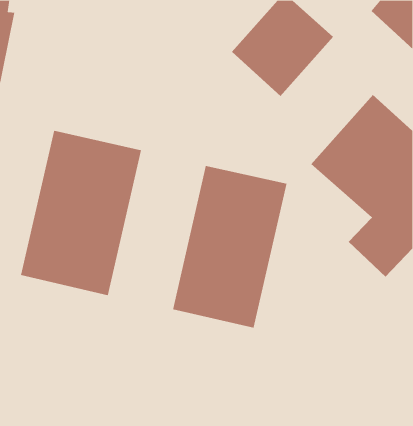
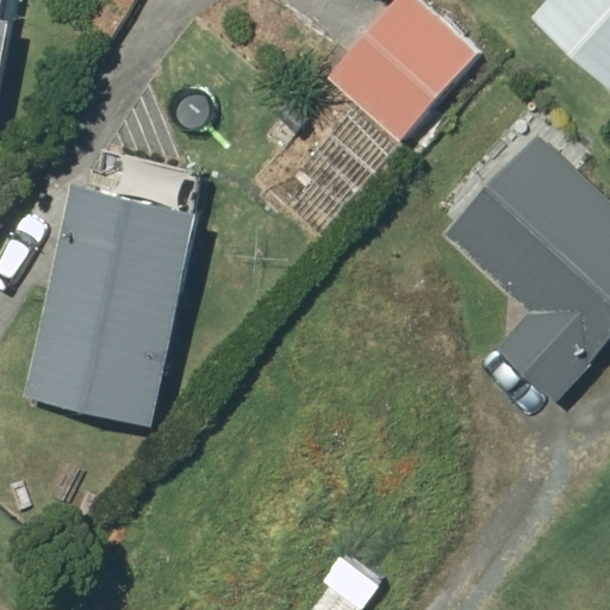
building: [173,165,287,329] -> none

